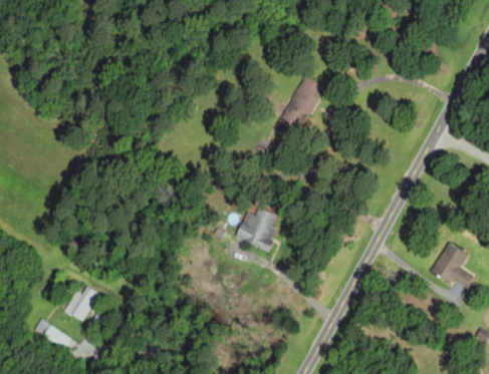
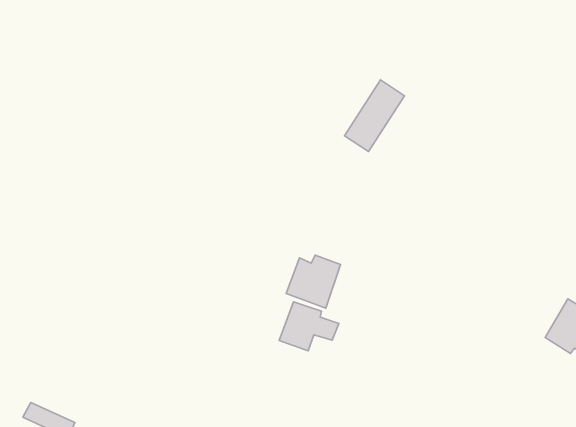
building: none -> [279,302,339,351]
building: [65,287,100,322] -> none

